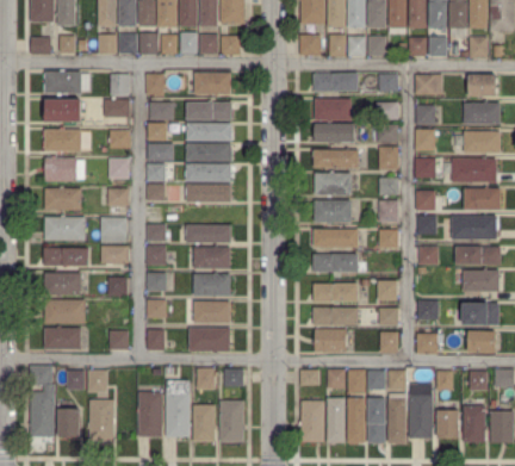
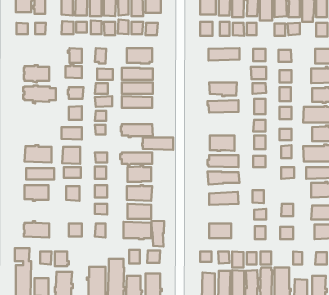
building: [44,69,88,94] -> none
building: [315,98,352,120] -> none
building: [43,157,83,180] -> none
building: [185,163,230,181] -> [142,138,173,150]
building: [312,172,349,197] -> none
building: [44,186,80,211] -> none
building: [44,299,83,322] -> none
building: [314,307,356,327] -> none
building: none -> [151,221,164,247]

